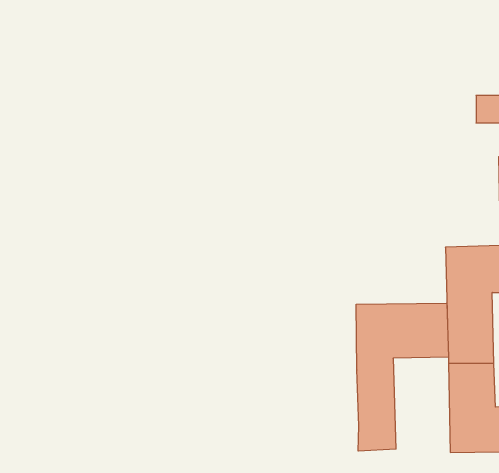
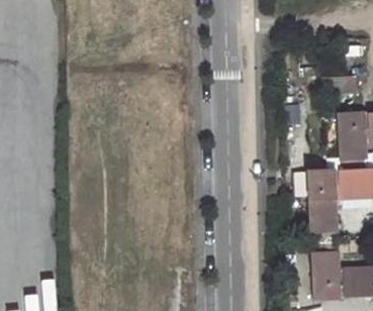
building: [356,303,448,451] -> none

